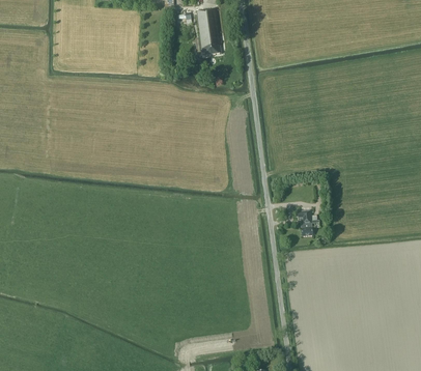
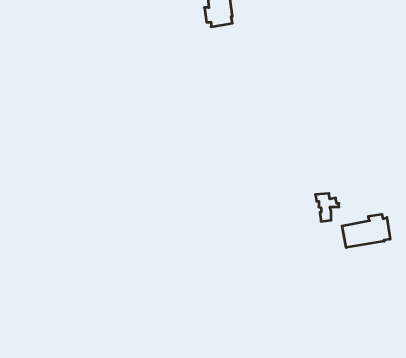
building: none -> [342,214,390,248]

